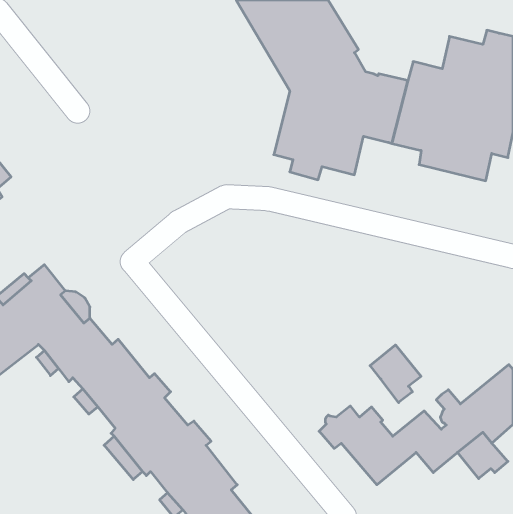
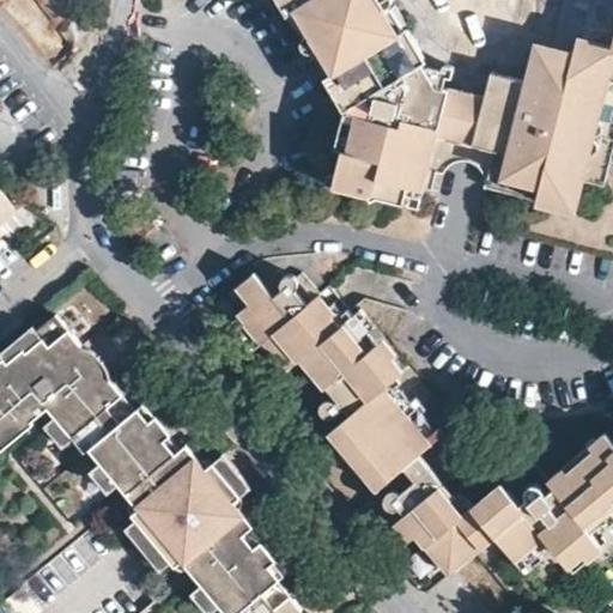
building: none -> [235,269,431,491]
building: [370,345,421,403] -> none
building: none -> [195,449,253,506]

